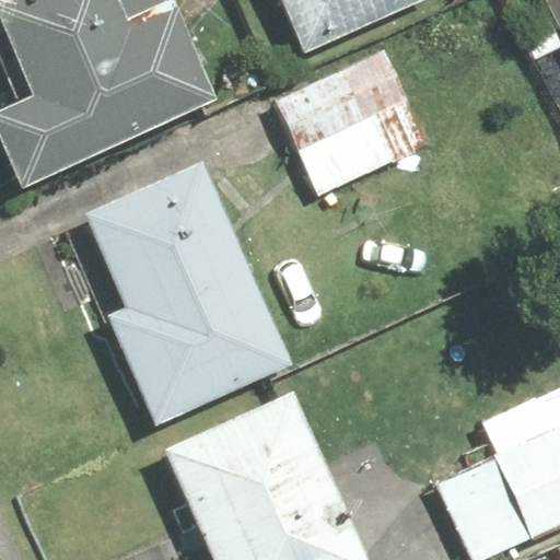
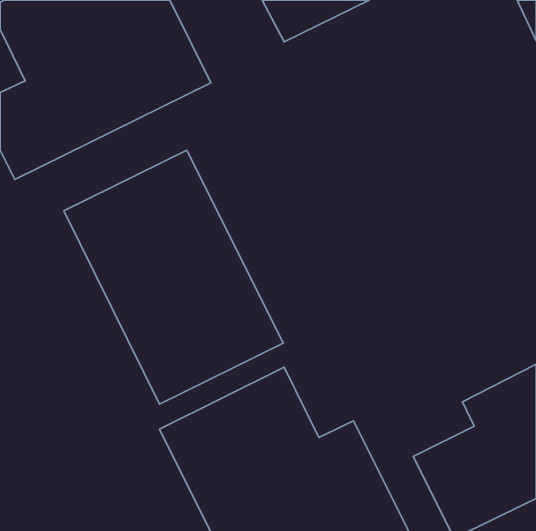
building: [264,49,430,197] -> none

